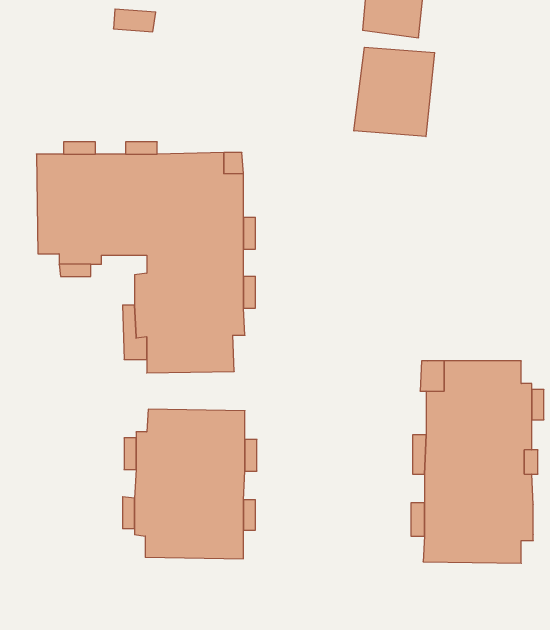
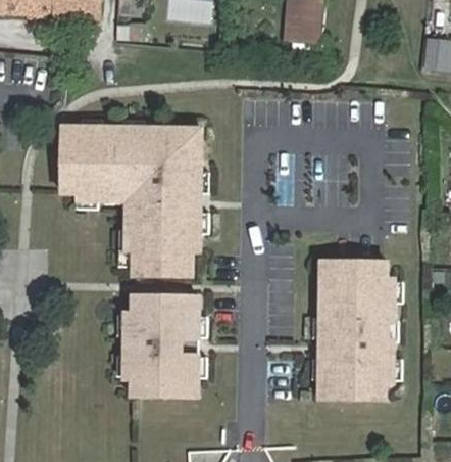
building: [354,47,435,137] -> none

